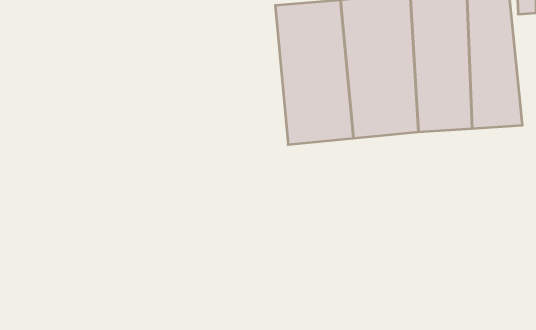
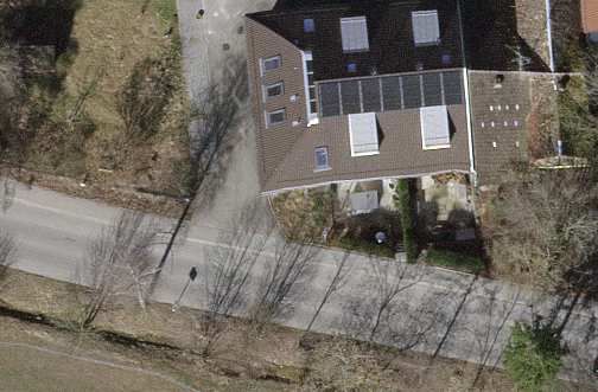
building: none -> [248,27,320,186]

